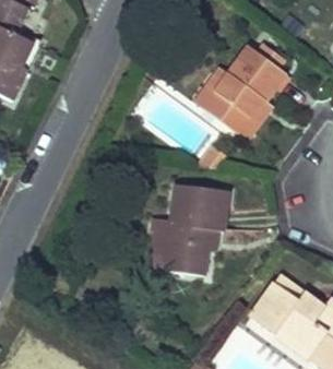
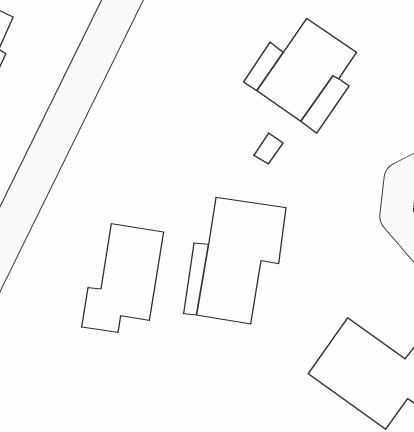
building: none -> [82,224,163,333]

